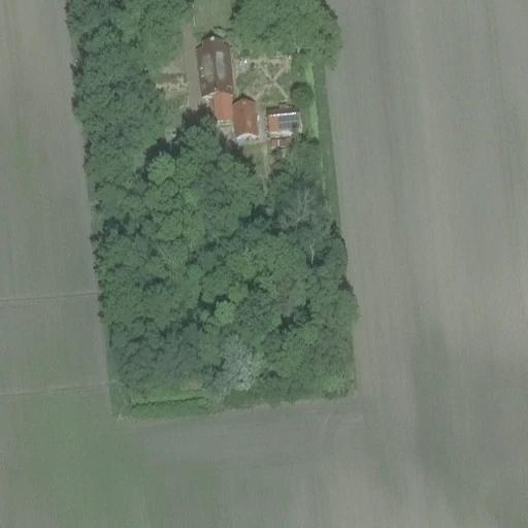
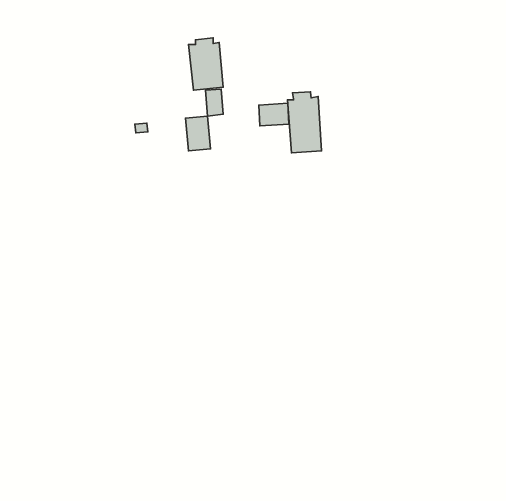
building: none -> [287,92,322,153]
building: [233,100,259,136] -> [186,116,210,151]

